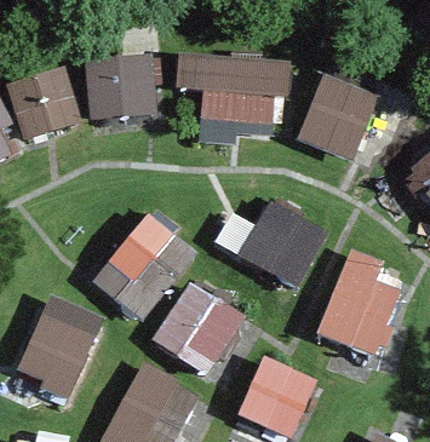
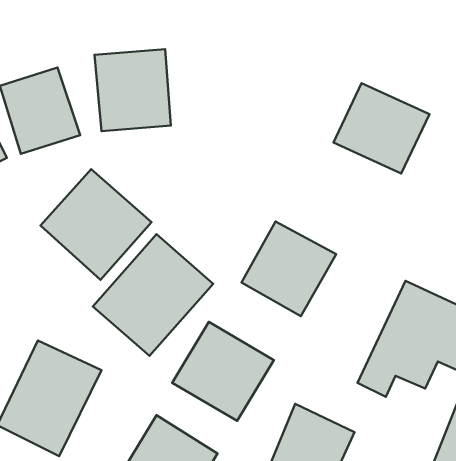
building: [183,51,283,125] -> none
building: none -> [40,169,152,280]

